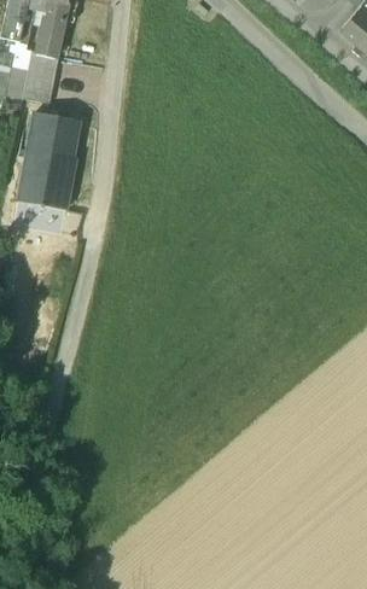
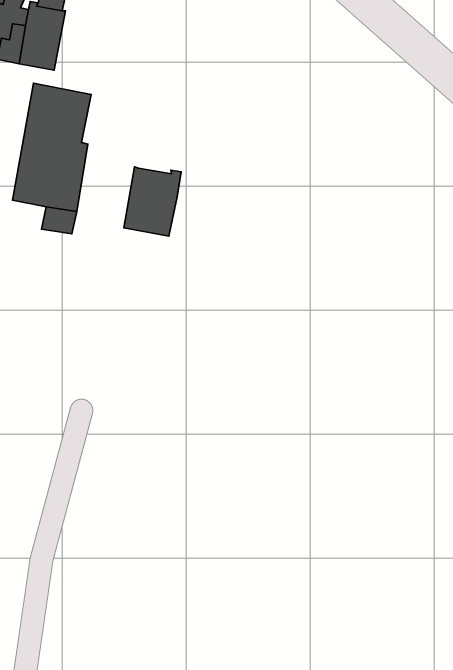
building: none -> [124,167,181,236]

